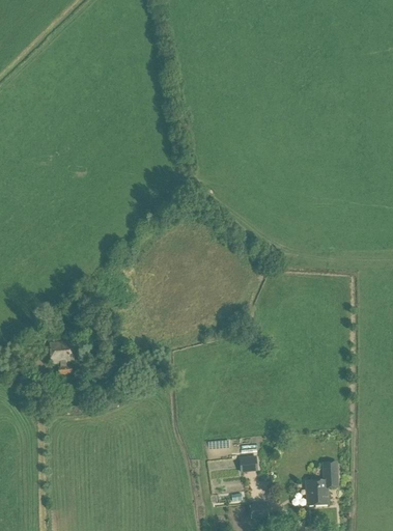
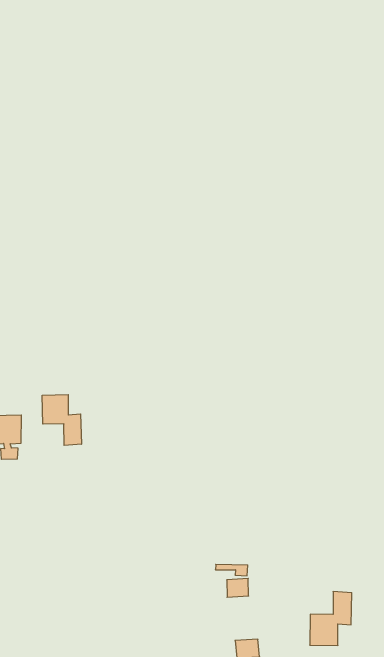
building: none -> [42,395,81,445]

